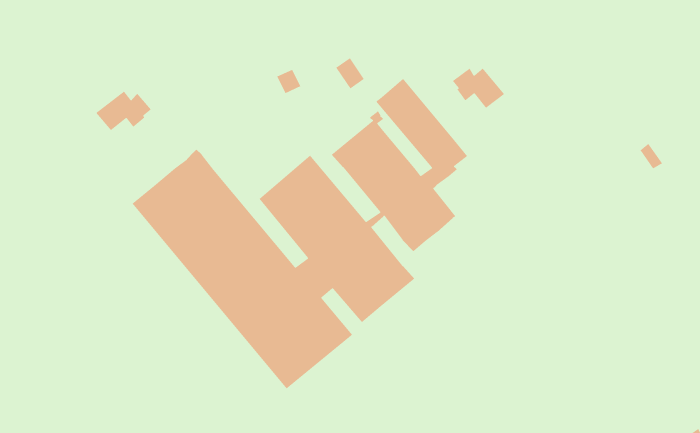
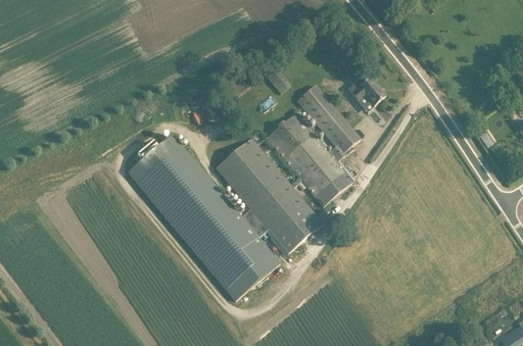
building: [95,90,152,131] -> none

